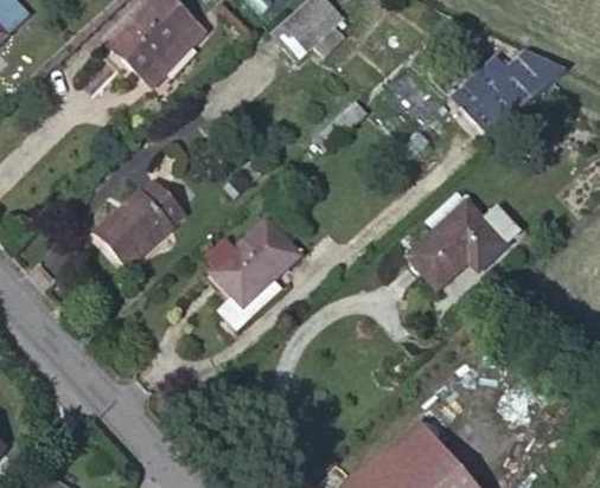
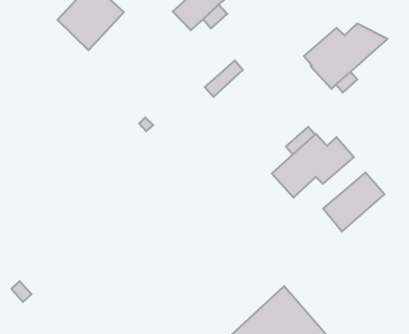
building: [95,181,184,268] -> none
building: [206,219,299,328] -> none
building: none -> [323,172,384,231]

